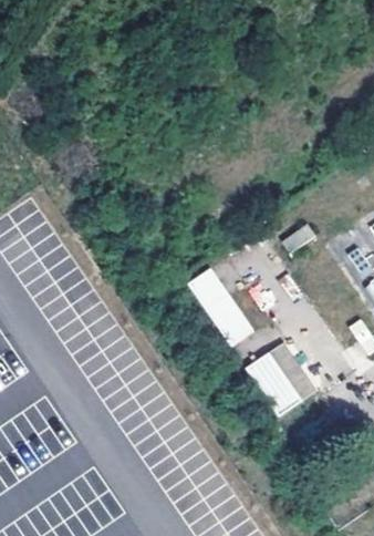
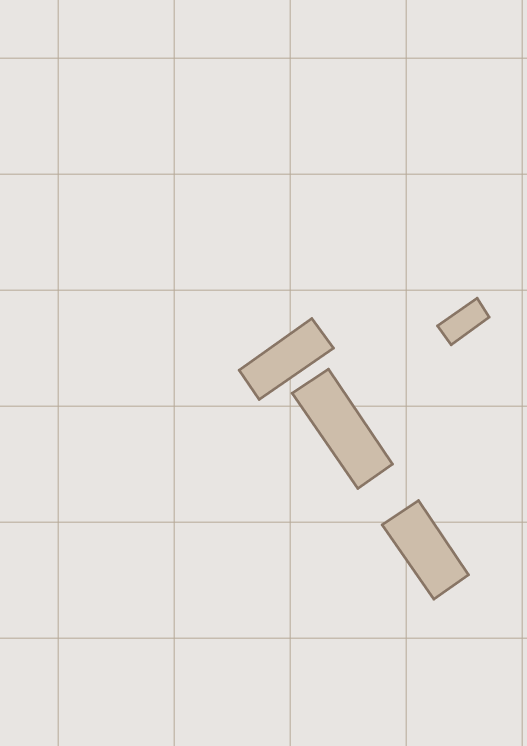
building: none -> [239,319,333,400]

